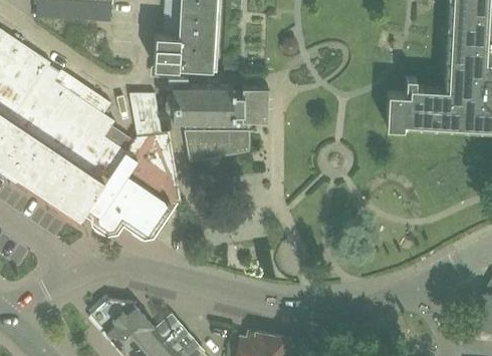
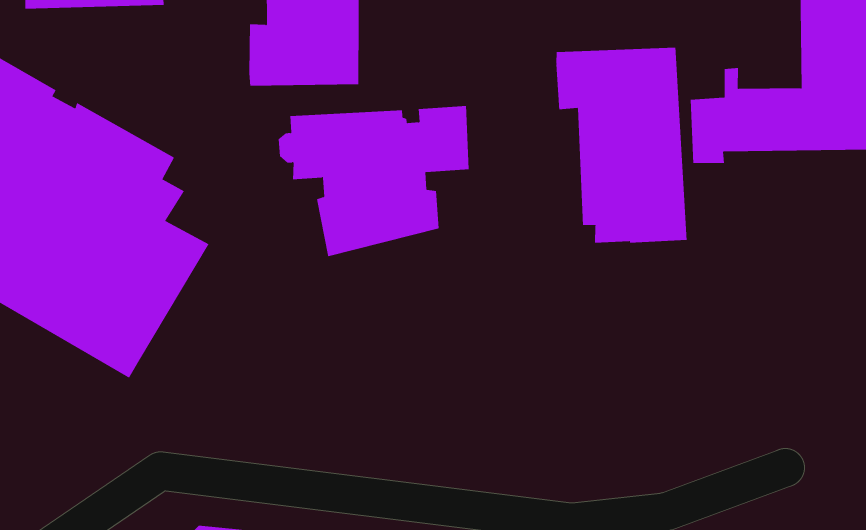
building: none -> [556,47,687,244]
building: [85,93,181,236] -> none

